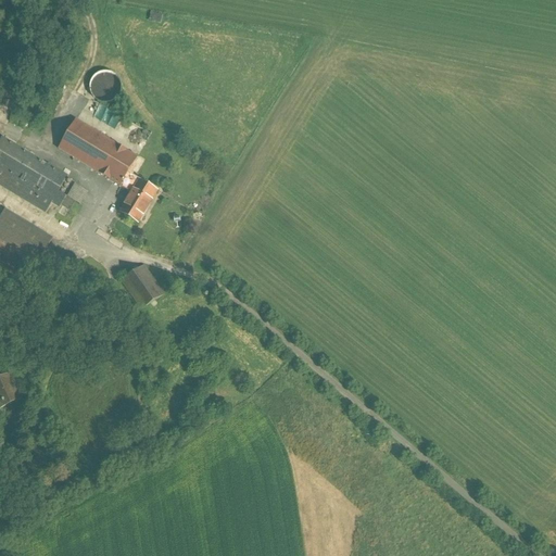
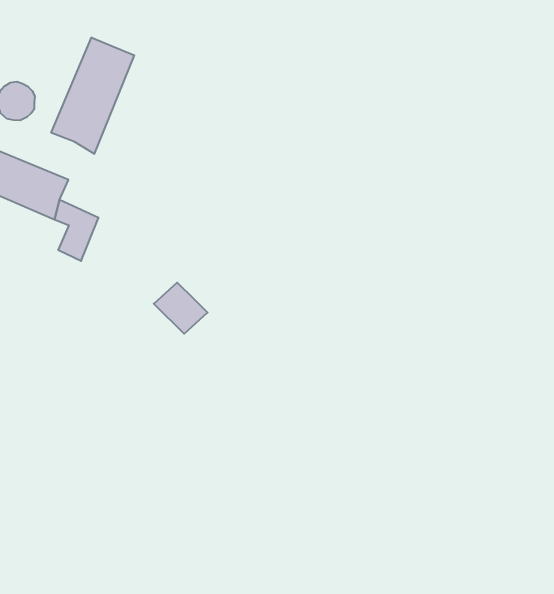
building: none -> [51,37,134,154]
building: [119,263,162,305] -> [154,283,208,334]

